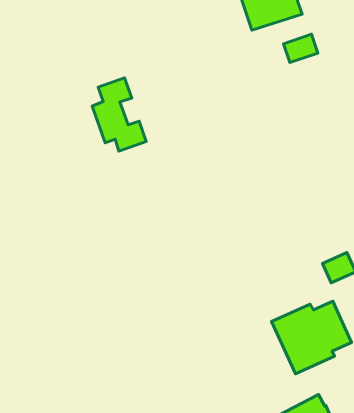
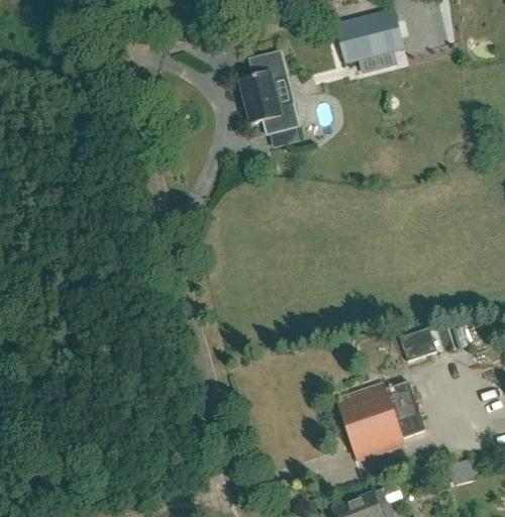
building: [283,34,318,63] -> none
building: [92,78,146,151] -> [239,51,298,135]

